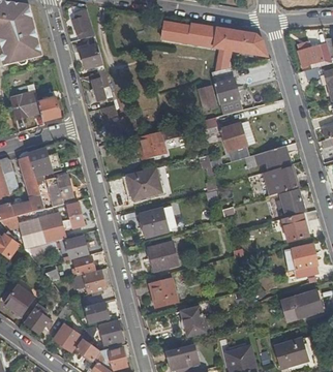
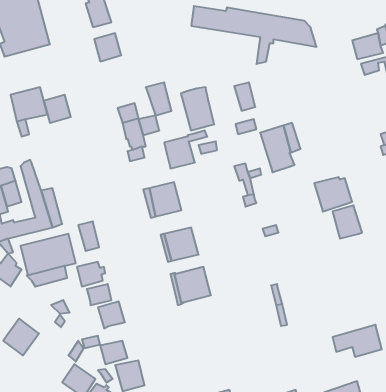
building: [211,67,239,103] -> [181,87,214,130]
building: [89,71,111,99] -> [146,82,172,116]
building: [245,145,290,167] -> none
building: [27,148,53,177] -> none
building: [49,174,73,205] -> none
building: [280,213,308,241] -> none
building: [283,243,319,277] -> none
building: [149,277,177,306] -> none
building: [24,305,52,335] -> none
building: [180,305,205,335] -> none

